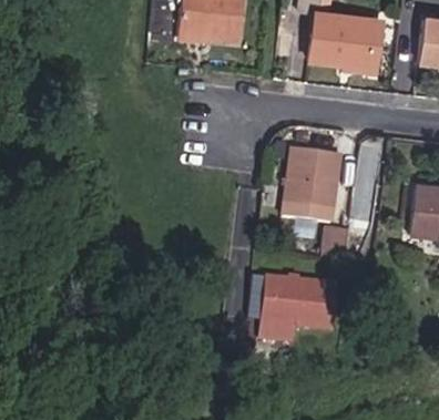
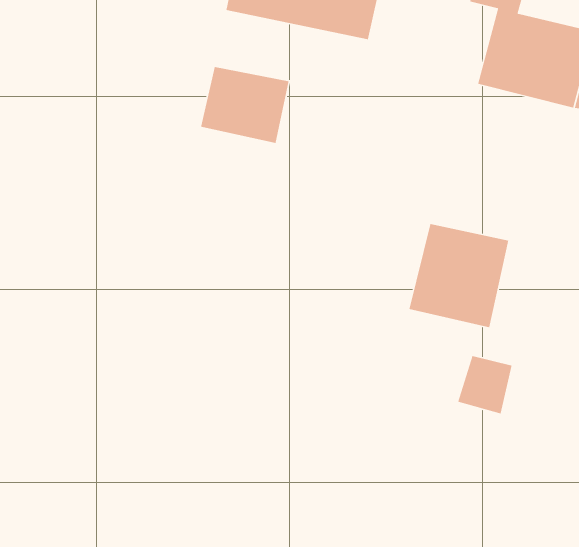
building: none -> [200,66,289,144]
building: [248,278,338,342] -> none

